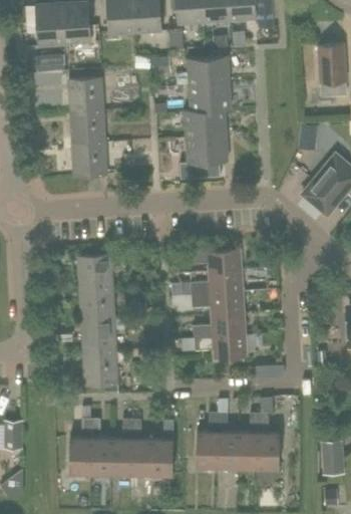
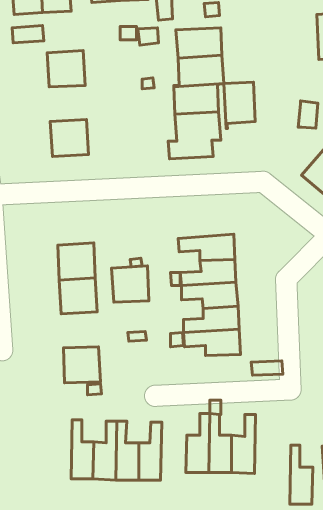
building: none -> [224,82,255,128]
building: [70,111,104,145] -> none
building: [81,319,115,352] -> [112,266,149,302]
building: [259,414,280,468] -> [290,445,313,504]
building: [69,419,91,473] -> none

